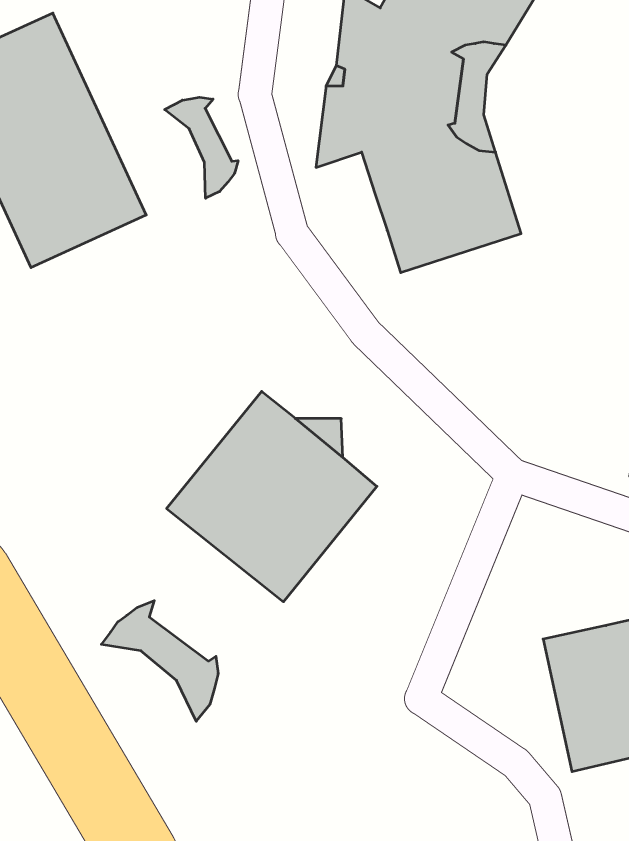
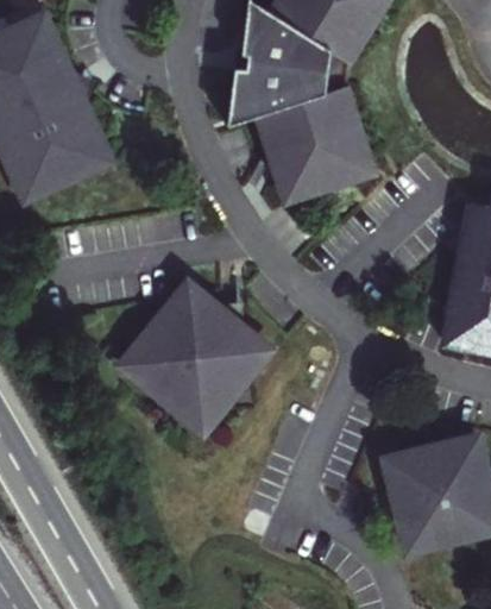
building: [165,97,238,198] -> none
building: [101,601,218,721] -> none

